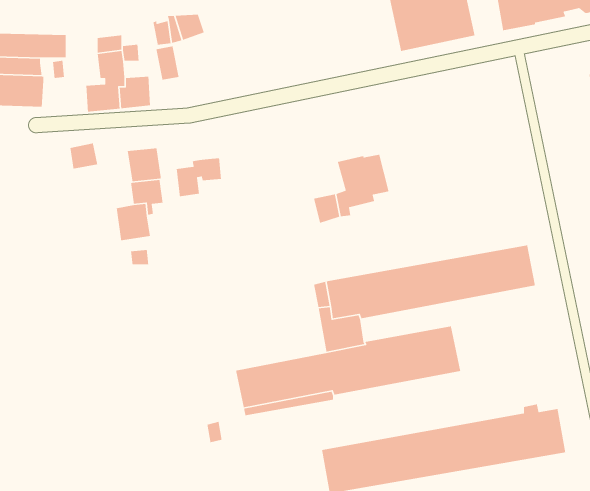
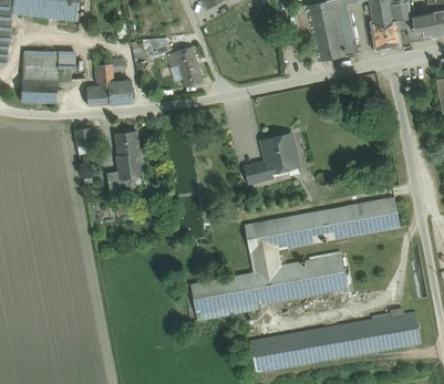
building: none -> [167,46,204,86]
building: [176,158,222,197] -> none

